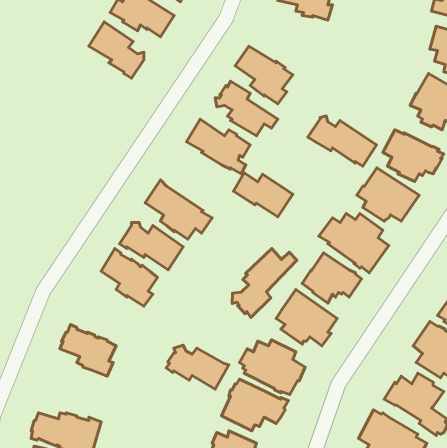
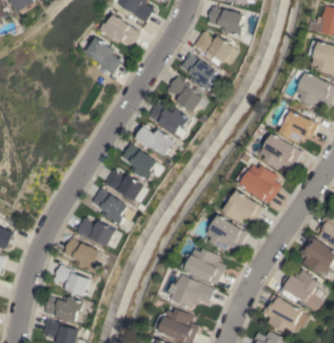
building: [308,116,377,166] -> [195,31,240,65]
building: [234,173,293,217] -> [137,127,177,156]
building: [232,248,297,317] -> none
building: [166,345,229,389] -> [77,218,118,247]
building: none -> [52,264,92,297]

